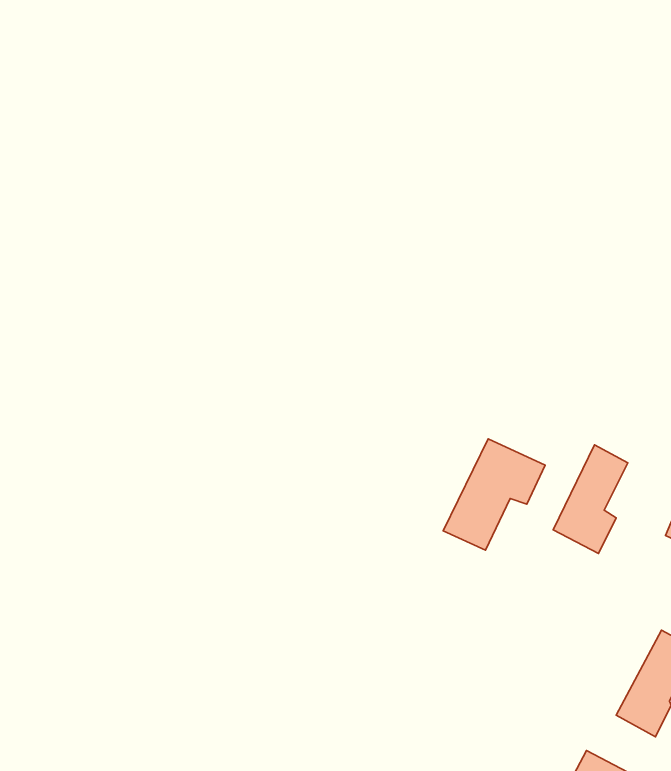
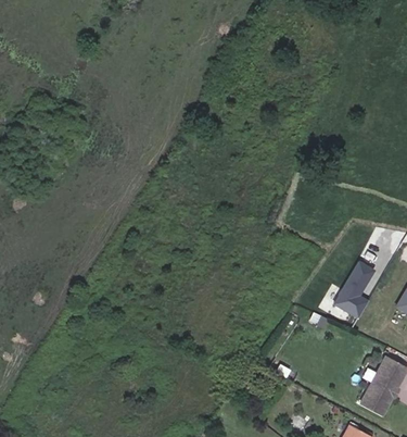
building: [443,439,545,550] -> none

